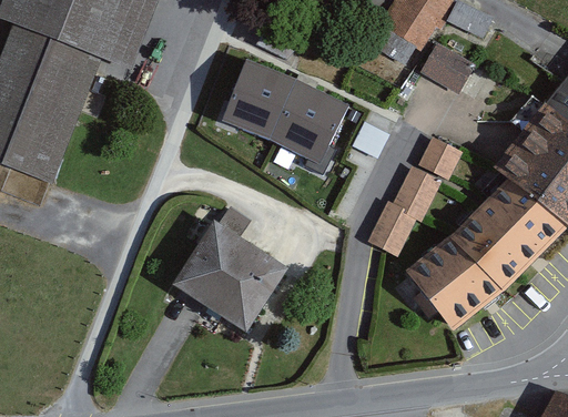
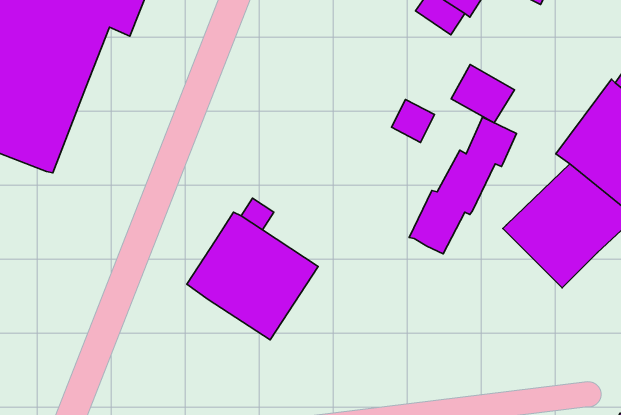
building: [419,42,475,93] -> [451,65,514,123]
building: [222,59,348,163] -> none
building: [405,234,501,327] -> none

